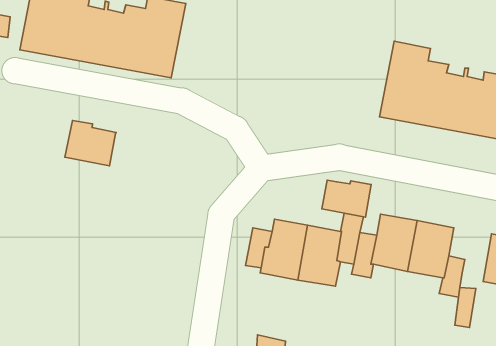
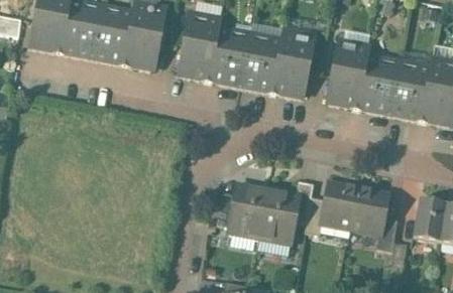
building: none -> [178,13,314,99]
building: [65,121,116,166] -> none
building: [322,180,371,217] -> none

